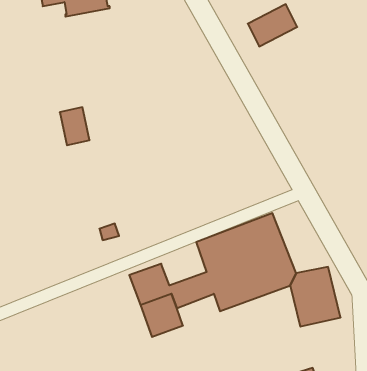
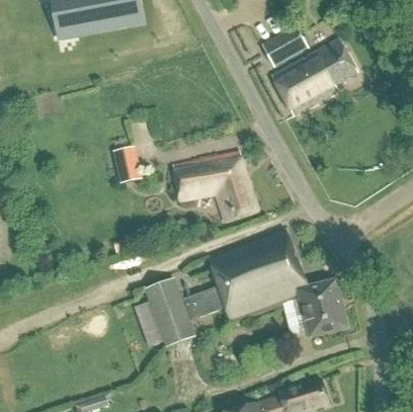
building: none -> [270,38,357,116]
building: [60,107,90,145] -> [111,146,141,183]
building: none -> [170,149,257,223]

